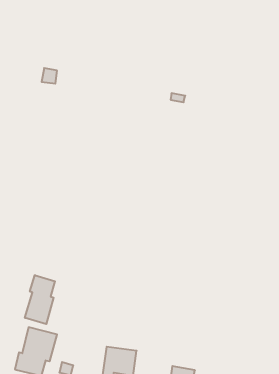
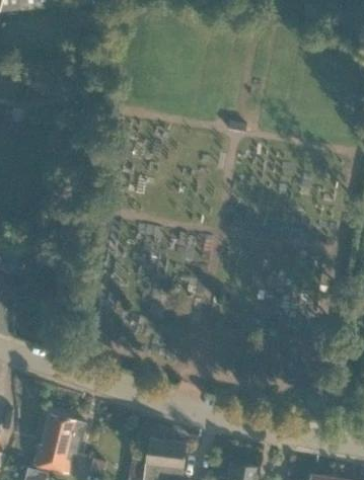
building: [25,275,55,324] -> none

